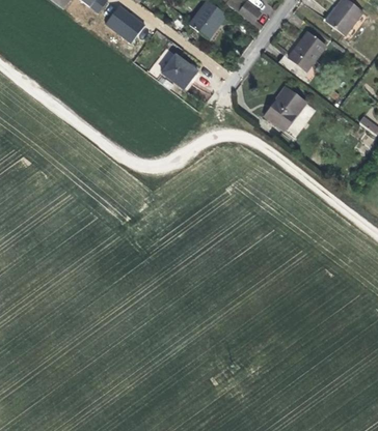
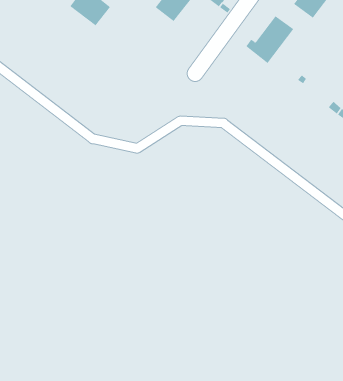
building: [162,54,197,89] -> none
building: [264,87,306,131] -> none

